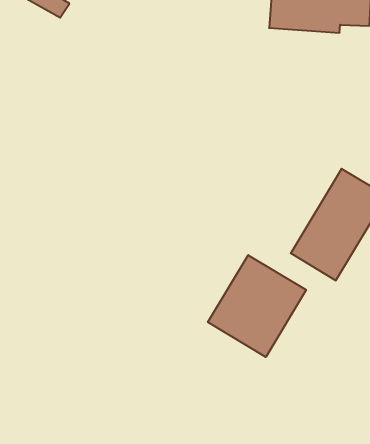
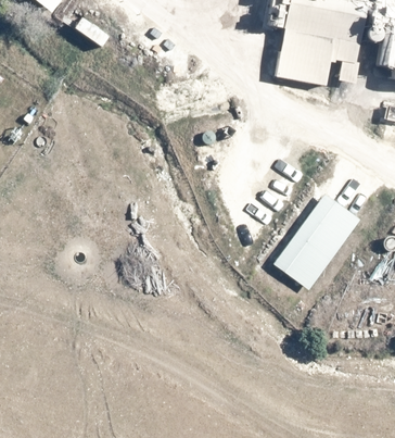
building: [208,255,306,357] -> none

